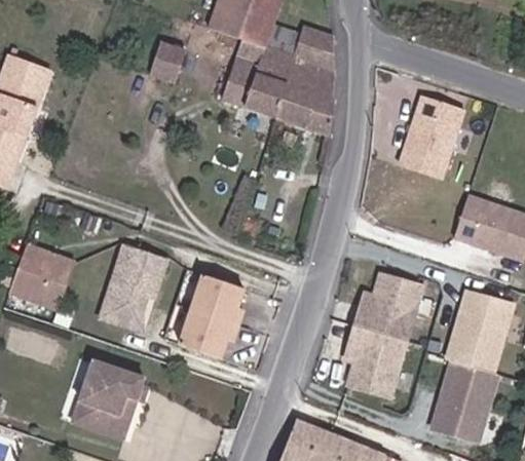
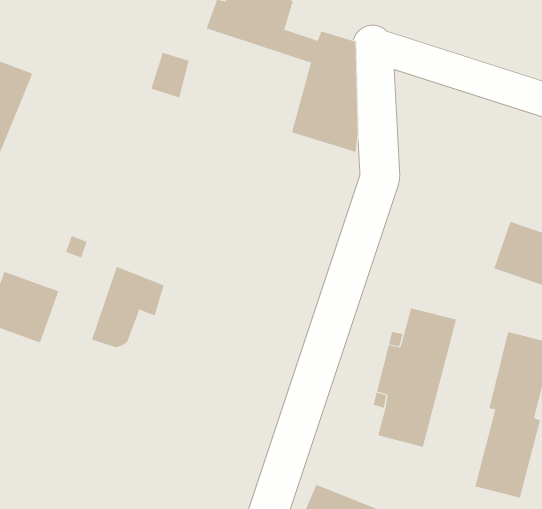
building: [227,44,293,120] -> none
building: [400,100,463,180] -> none
building: [179,272,242,354] -> none
building: [100,274,158,325] -> none
building: [72,352,147,429] -> none

